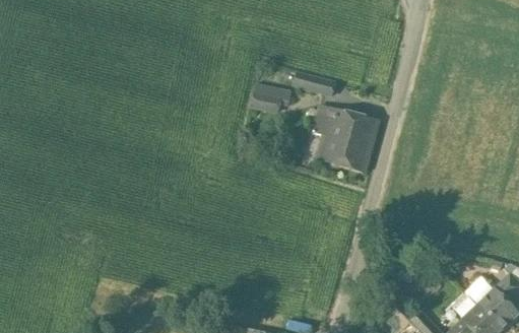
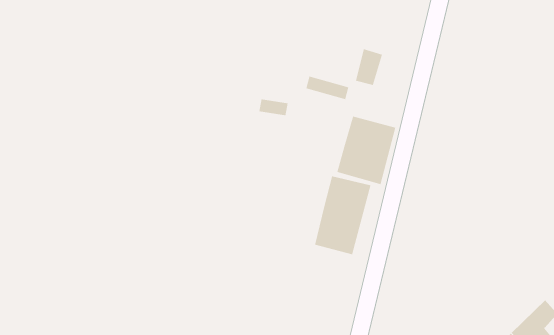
building: [314,107,338,139] -> [355,49,383,85]
building: none -> [315,175,371,255]

